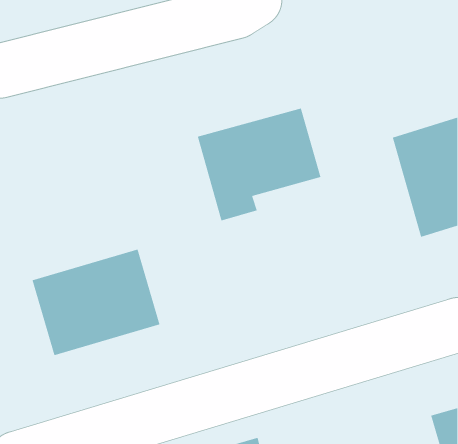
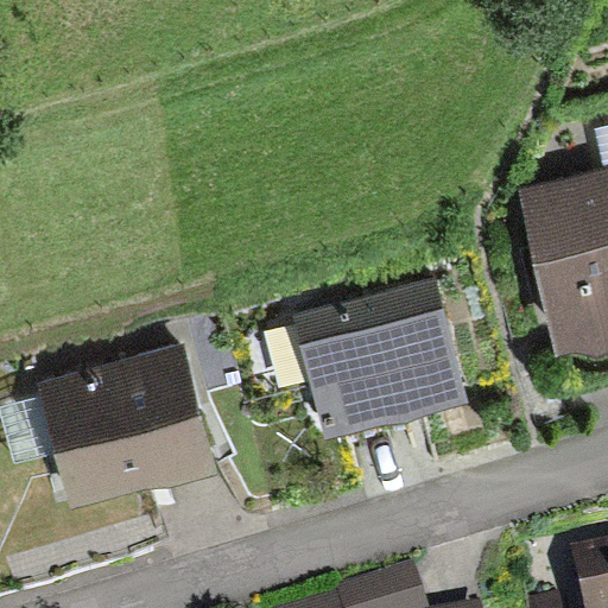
building: [197,108,321,222] -> [296,281,461,432]

